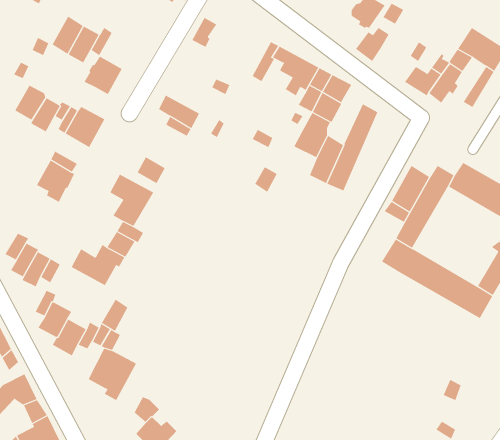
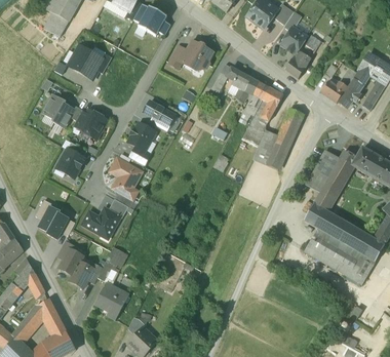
building: none -> [181,41,211,68]
building: [84,56,122,95] -> [127,122,155,150]
building: none -> [304,228,375,283]

